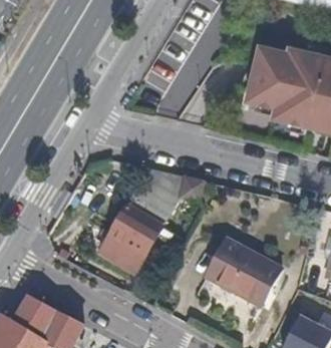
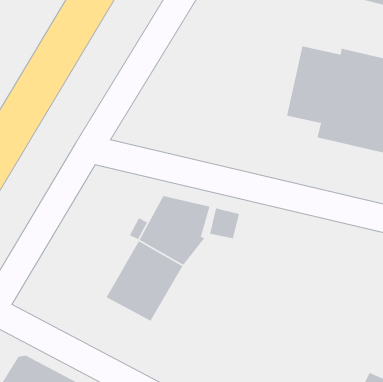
building: [208,249,278,312] -> none

